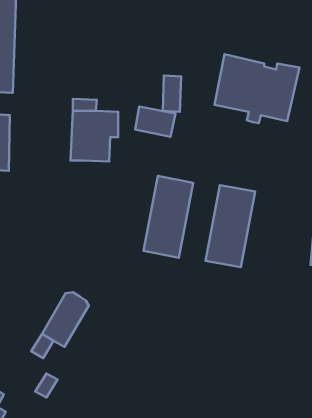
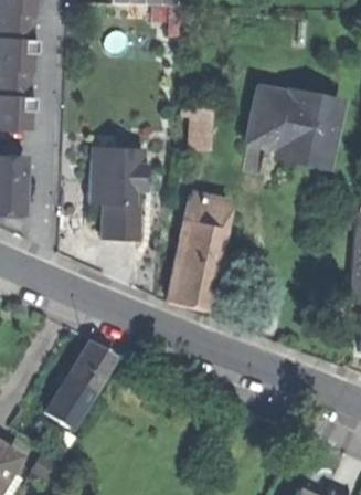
building: [135,106,176,137] -> [185,194,230,228]
building: none -> [103,203,140,240]
building: [206,185,255,267] -> none

